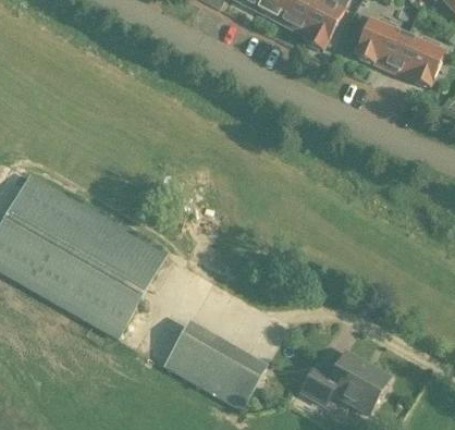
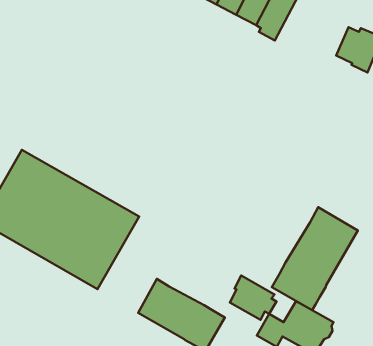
building: [353,15,406,66] -> none
building: none -> [272,207,358,310]
building: none -> [230,275,277,320]

